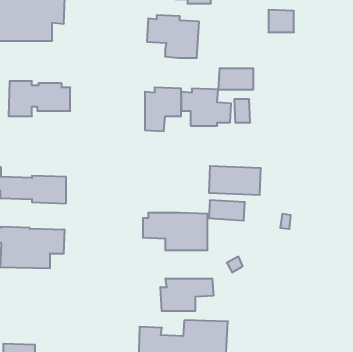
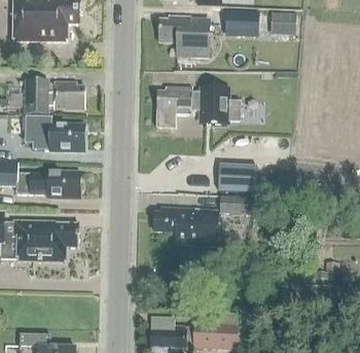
building: [218,68,253,90] -> [224,9,258,30]
building: none -> [24,115,84,151]
building: [160,278,213,311] -> none

